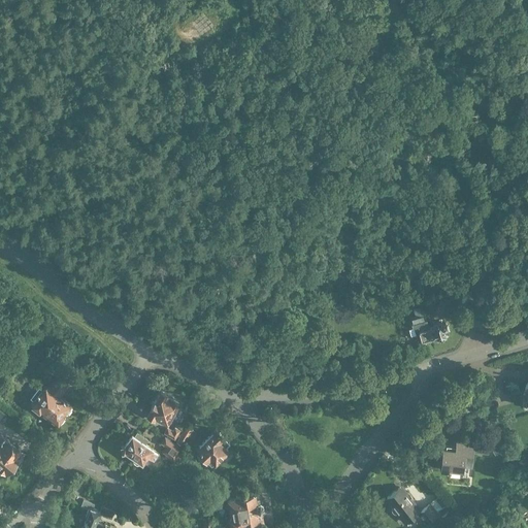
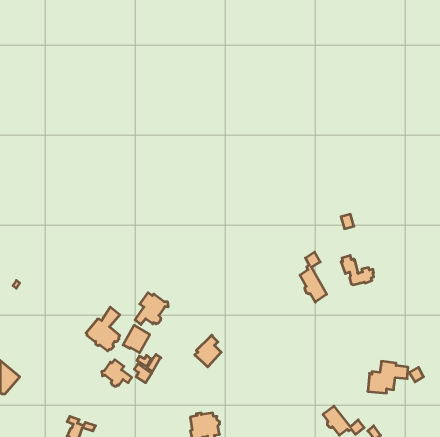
building: none -> [300,252,327,302]
building: none -> [135,293,168,325]
building: [31,374,71,427] -> [86,307,120,351]
building: [196,431,228,469] -> [195,335,221,367]

